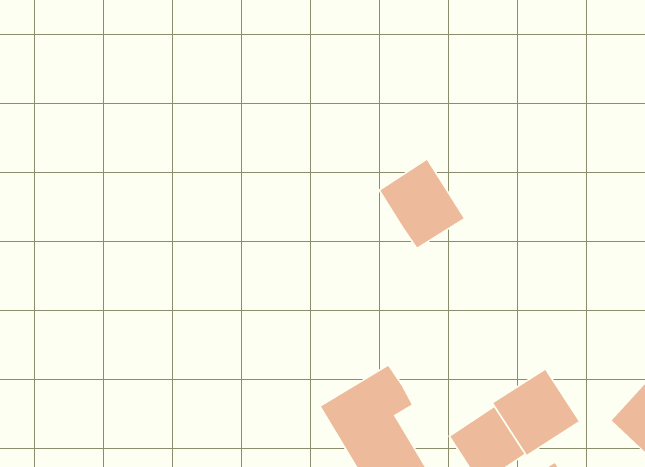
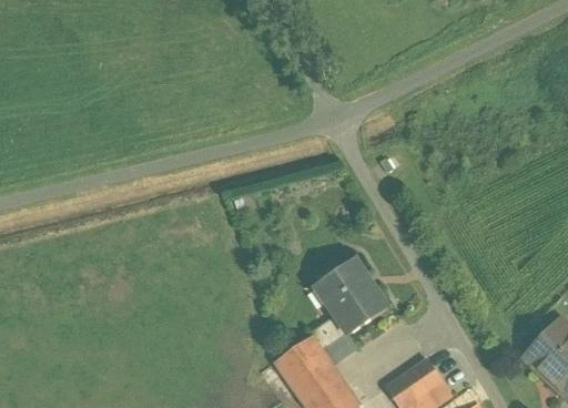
building: [379,159,465,248] -> [314,259,387,336]
building: [492,369,580,456] -> none

